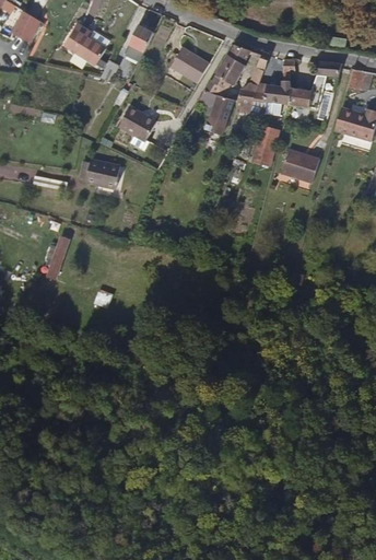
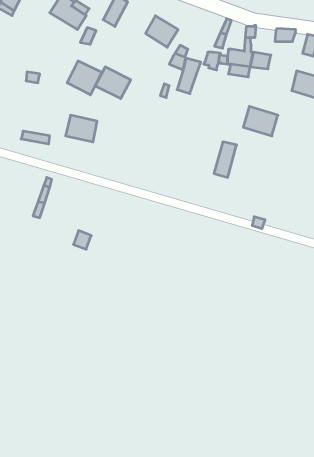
building: [215,44,246,85] -> none
building: none -> [67,61,102,95]
building: [252,126,278,165] -> [214,142,237,177]

